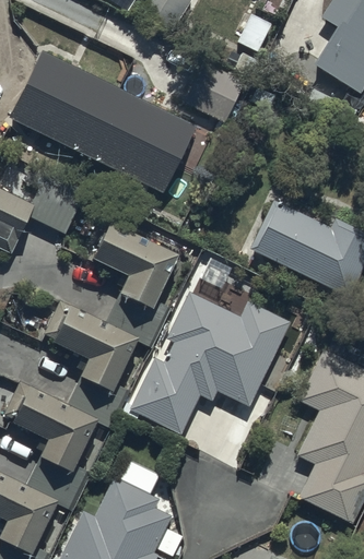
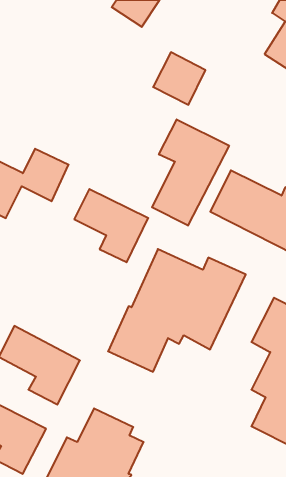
building: [9,49,197,193] -> none
building: none -> [152,119,229,226]
building: [44,299,138,390] -> none

